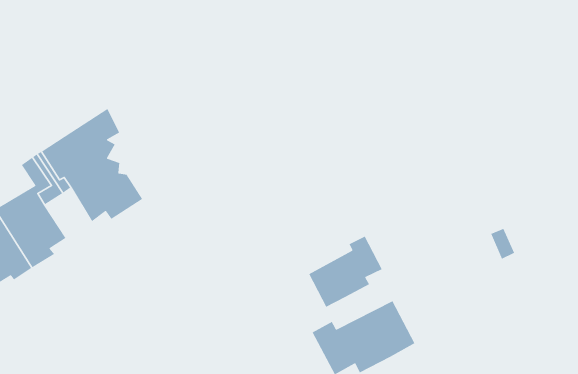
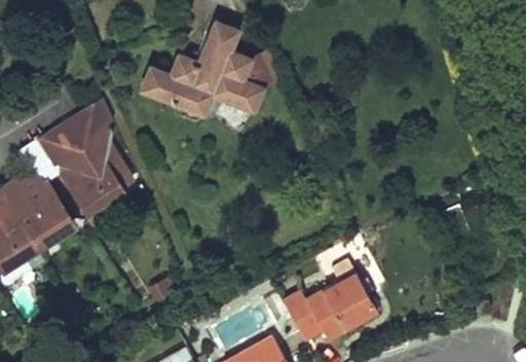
building: none -> [142,23,262,113]
building: [308,235,383,308] -> none

